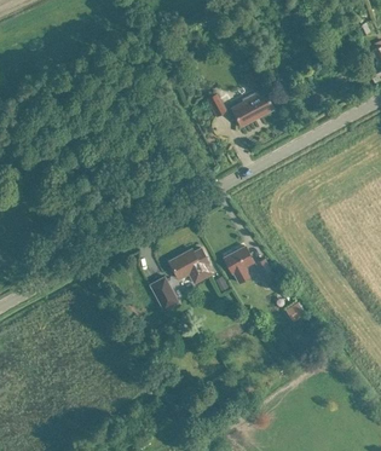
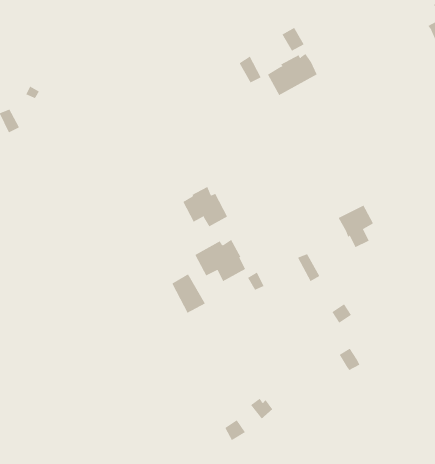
building: none -> [182,186,228,227]
building: [224,247,254,283] -> [338,205,374,248]

